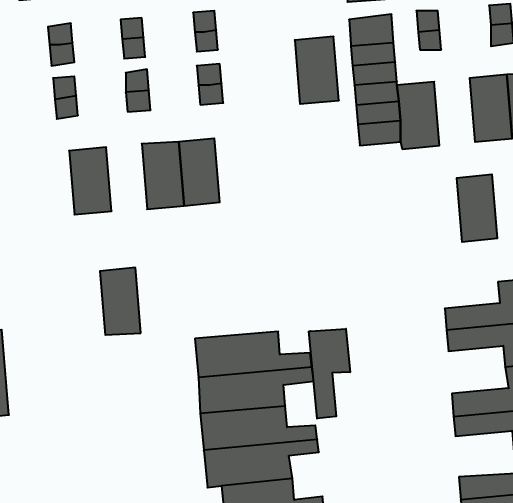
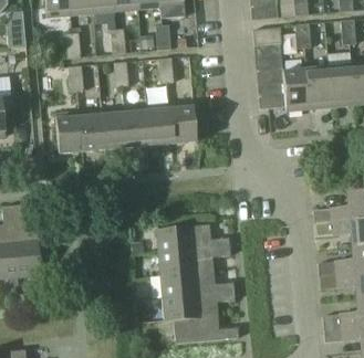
building: [295,37,339,104] -> [169,102,197,144]
building: none -> [55,112,82,154]
building: [457,174,497,242] -> [306,66,332,108]
building: [100,268,141,335] -> [102,107,127,149]
building: [309,329,350,419] -> none

